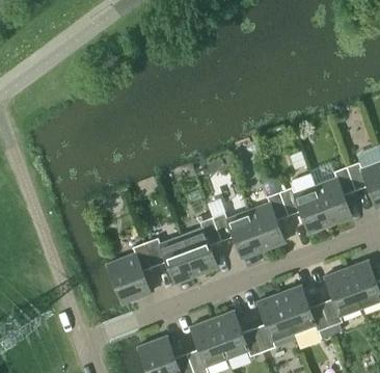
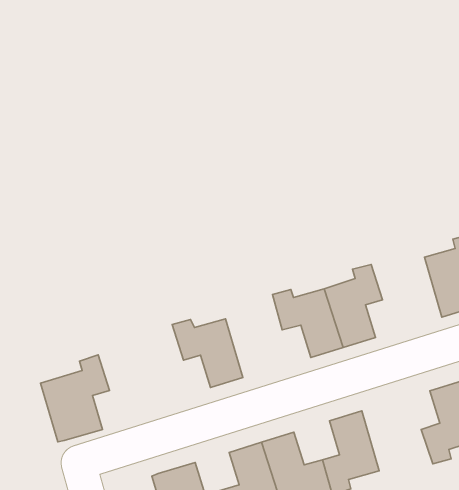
building: [279,174,330,234] -> none
building: [182,217,221,275] -> none
building: [107,242,155,303] -> [40,355,110,442]
building: [279,285,330,334] -> none

